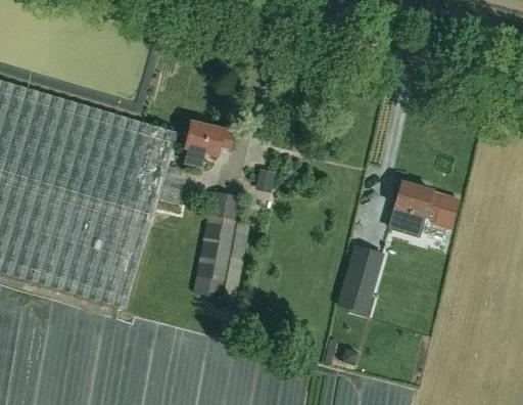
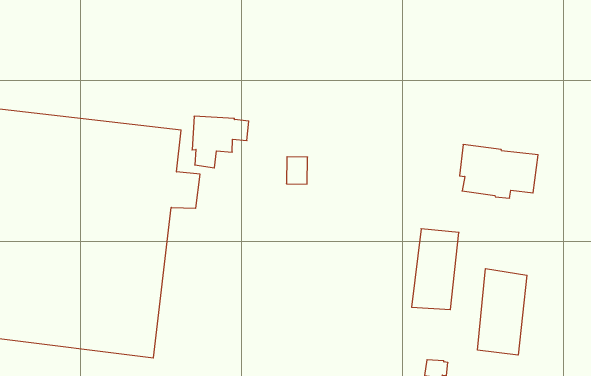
building: [192,189,246,298] -> none
building: none -> [478,269,527,355]

